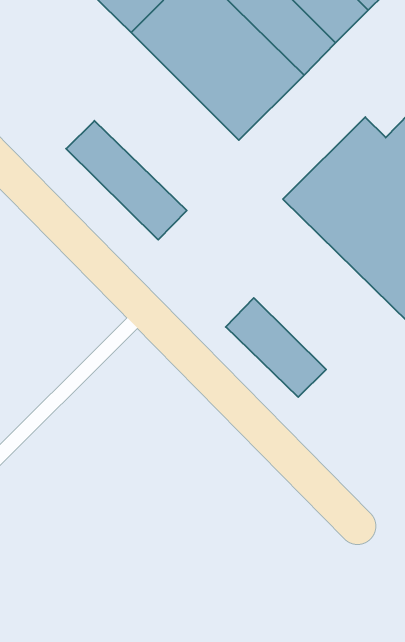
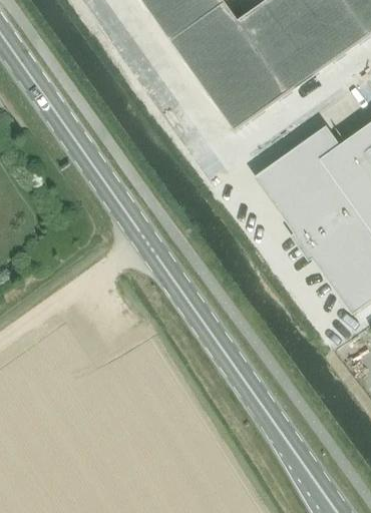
building: [66,121,187,240] -> none
building: [226,298,326,397] -> none

